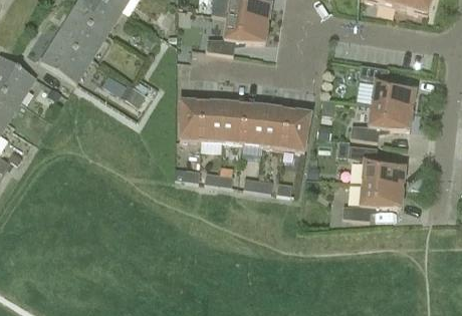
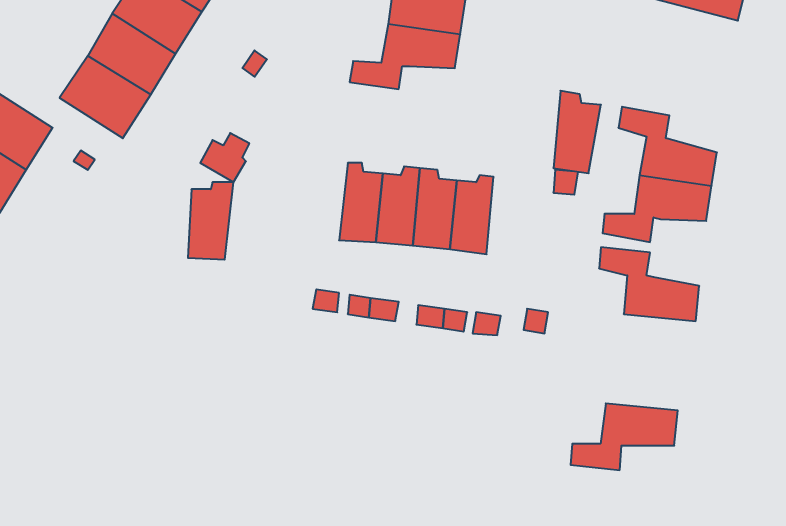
building: [178,96,204,140] -> [188,182,234,260]
building: [283,104,310,151] -> [553,91,601,173]
building: [341,183,403,221] -> [571,403,678,470]

